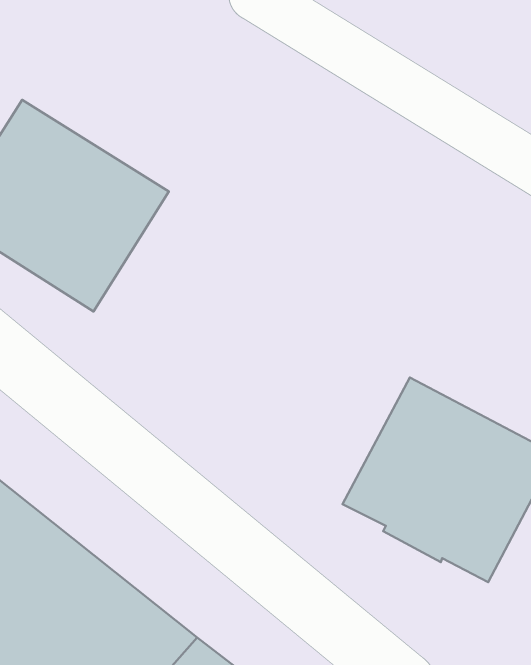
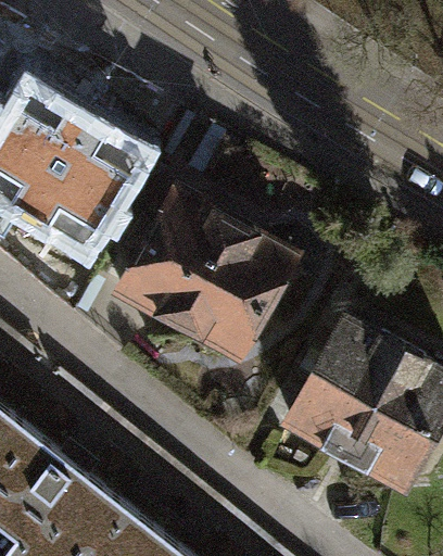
building: none -> [114,190,291,361]

